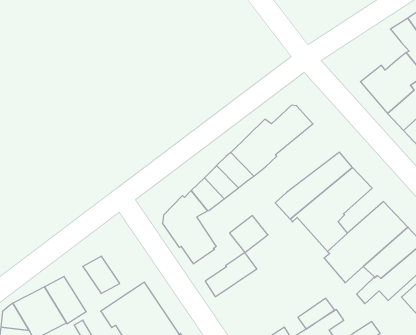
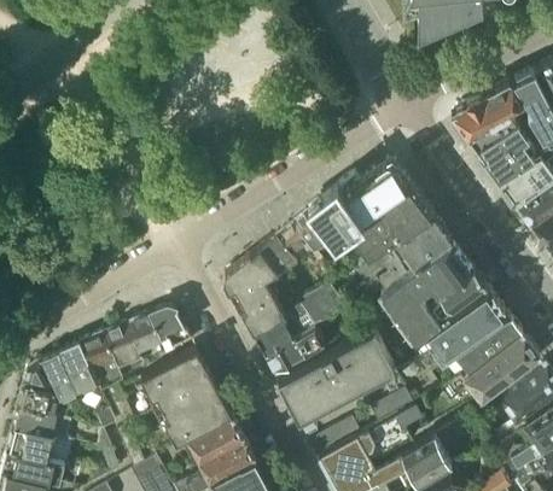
building: none -> [456,88,524,146]
building: none -> [351,189,440,267]
building: none -> [430,271,485,321]
building: none -> [279,332,396,422]
building: none -> [150,312,192,353]
building: none -> [256,325,295,361]
building: none -> [104,329,149,382]

